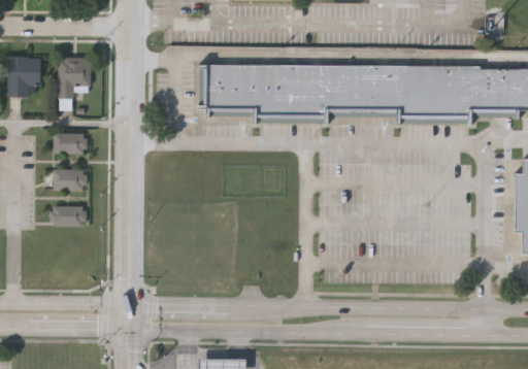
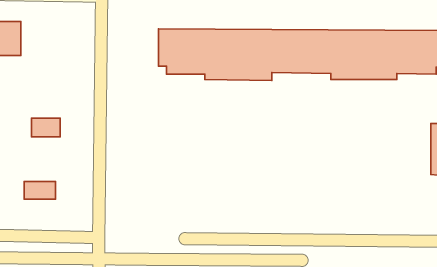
building: [59,56,91,101] -> none
building: [54,131,87,152] -> none
building: [51,204,87,225] -> [24,181,55,199]

